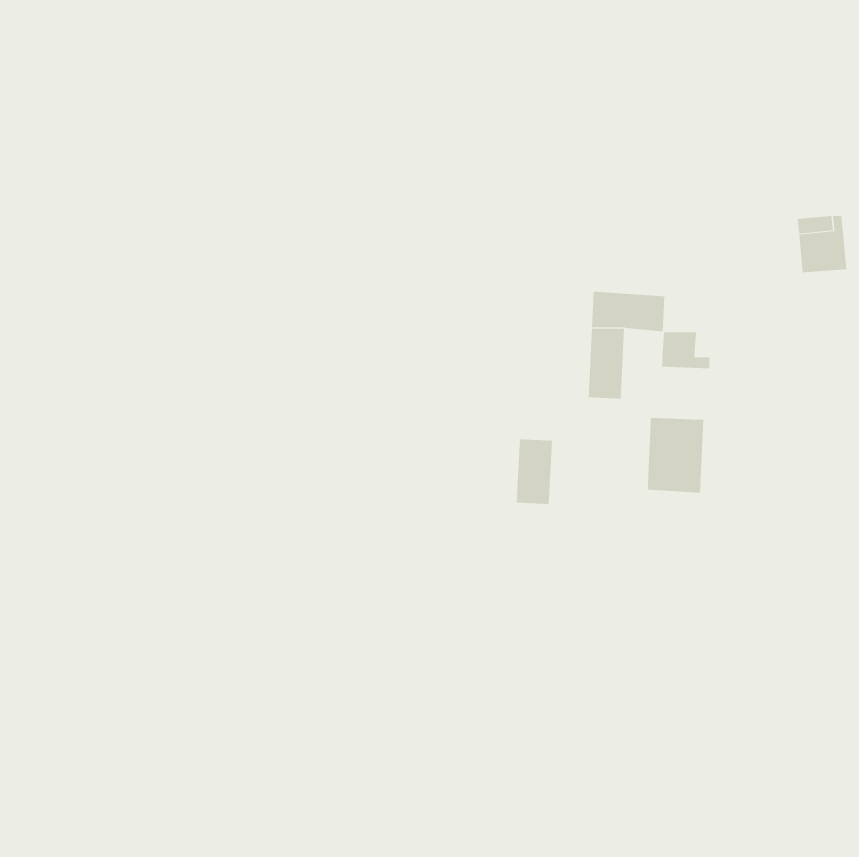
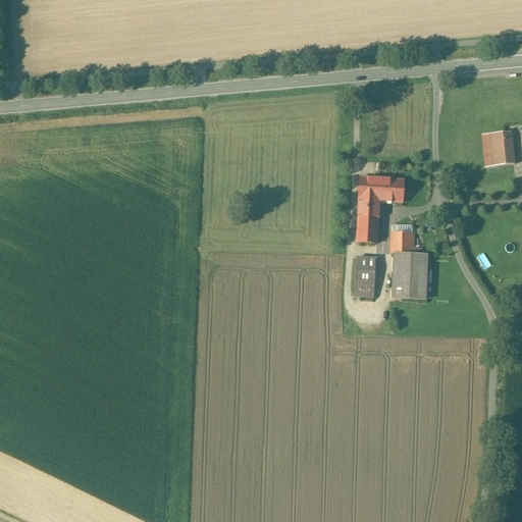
building: [661,332,710,369] -> [392,231,421,254]
building: [516,439,553,505] -> [354,257,376,297]

